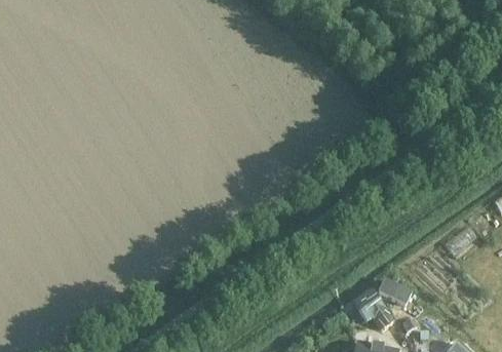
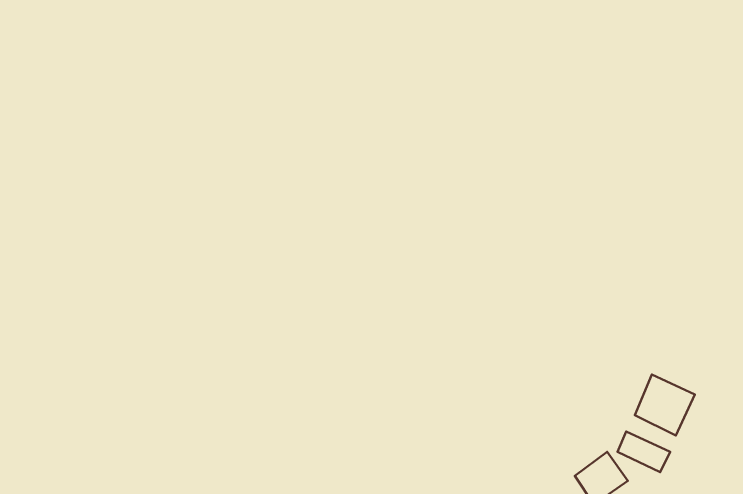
building: none -> [635,375,695,436]

